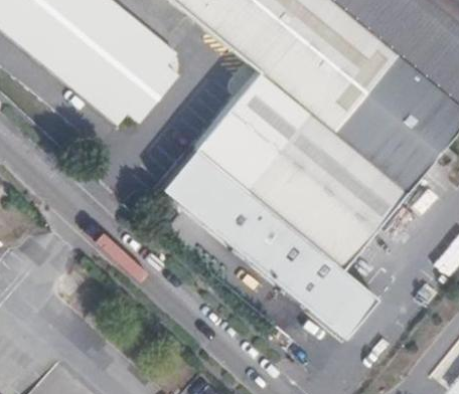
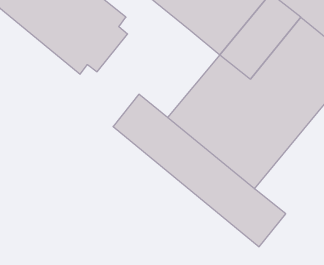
building: [195,70,297,180] -> none

